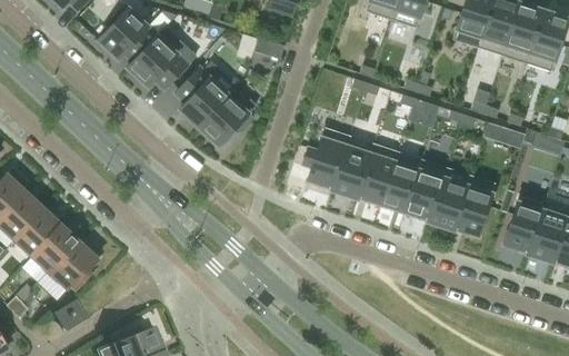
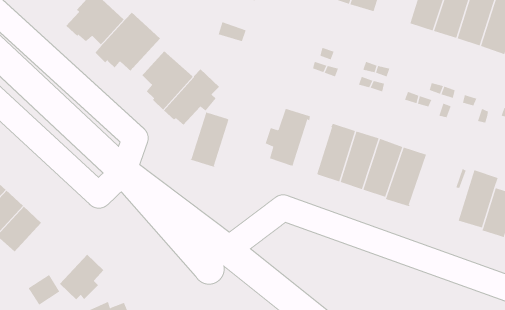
building: [331,140,372,199] -> [190,111,229,168]
building: [453,176,496,237] -> none
building: [43,247,90,295] -> [59,254,104,300]

